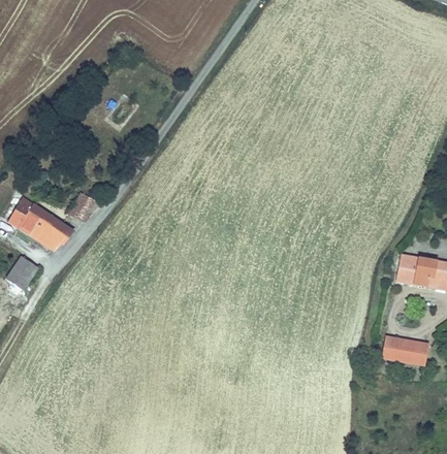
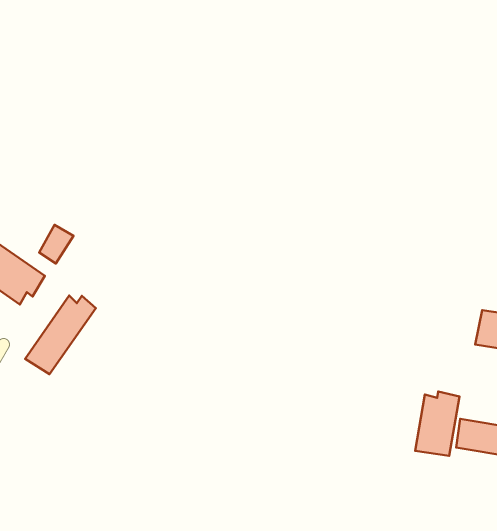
building: none -> [25,296,96,374]
building: none -> [415,391,460,456]

